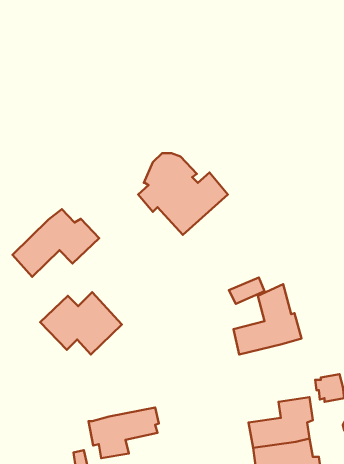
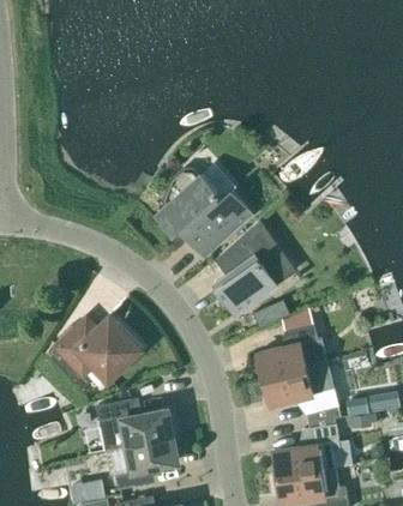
building: none -> [215,219,290,313]
building: [13,209,99,277] -> none
building: none -> [263,363,338,414]
building: none -> [97,399,175,450]

